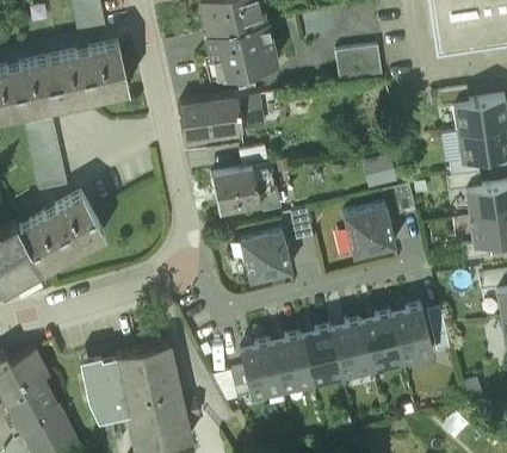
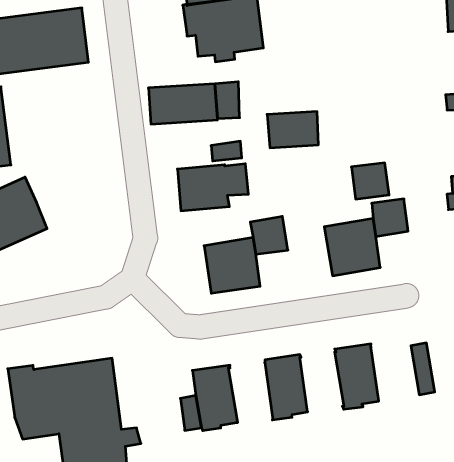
building: [335,46,382,81] -> [267,112,318,148]
building: [392,306,433,365] -> none
building: [332,321,373,379] -> none
building: [271,335,313,393] -> none

